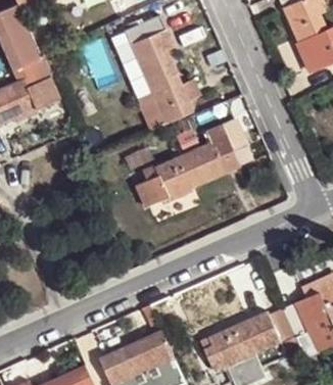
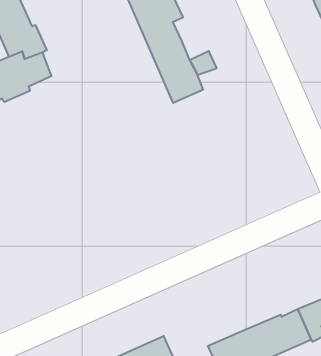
building: [137,124,241,205] -> none

